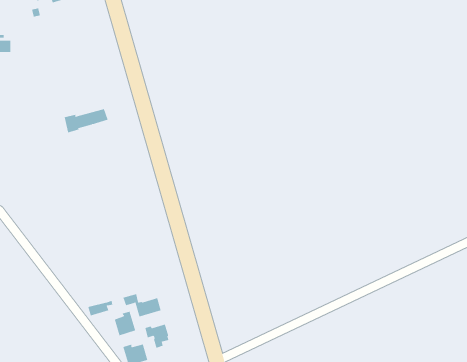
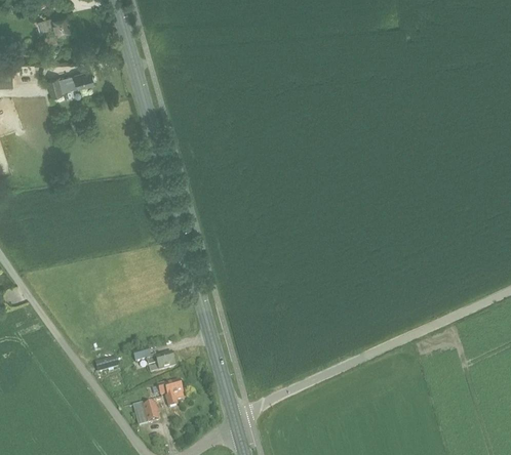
building: [64,109,108,133] -> [46,69,94,95]
building: [114,311,136,336] -> none

